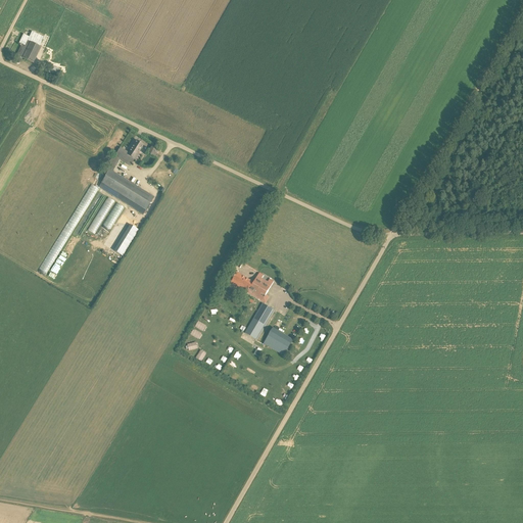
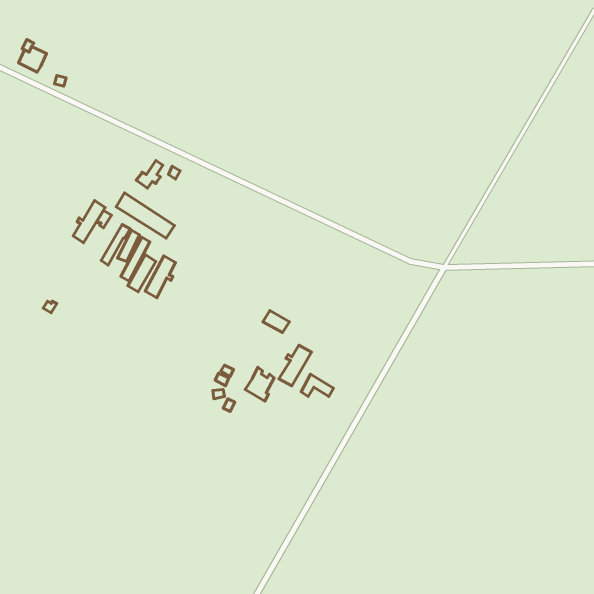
building: none -> [73,201,105,243]
building: none -> [145,256,176,298]
building: [248,273,274,302] -> [245,367,274,401]

